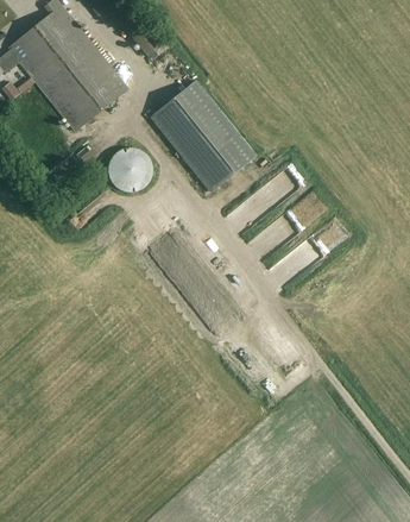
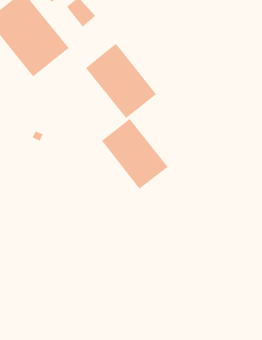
building: [108,149,152,193] -> none
building: none -> [101,118,168,189]

